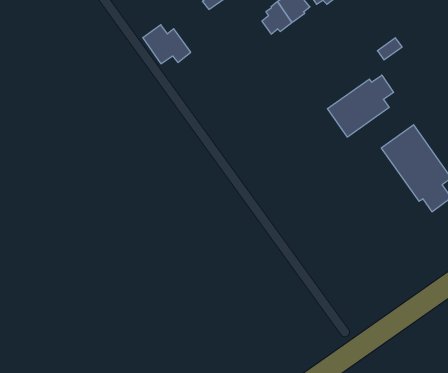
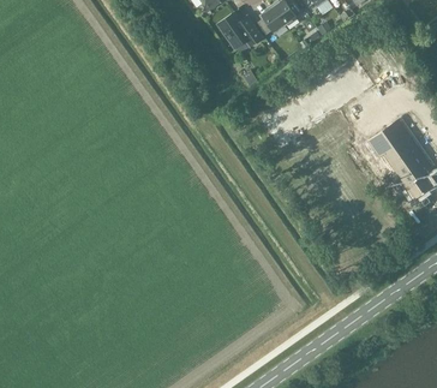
building: [143,25,191,64] -> [217,12,262,48]
building: [327,75,394,137] -> none

